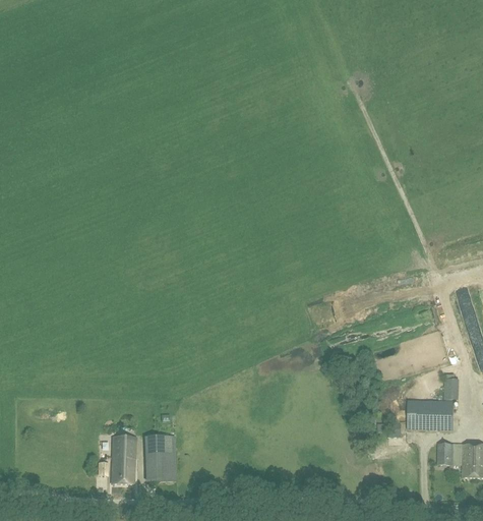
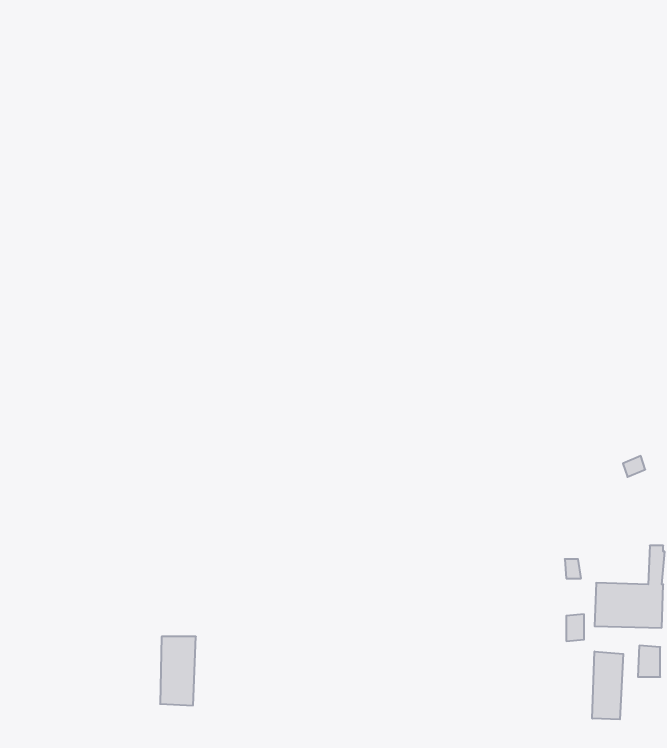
building: [146,431,176,480] -> none
building: none -> [592,651,623,719]

